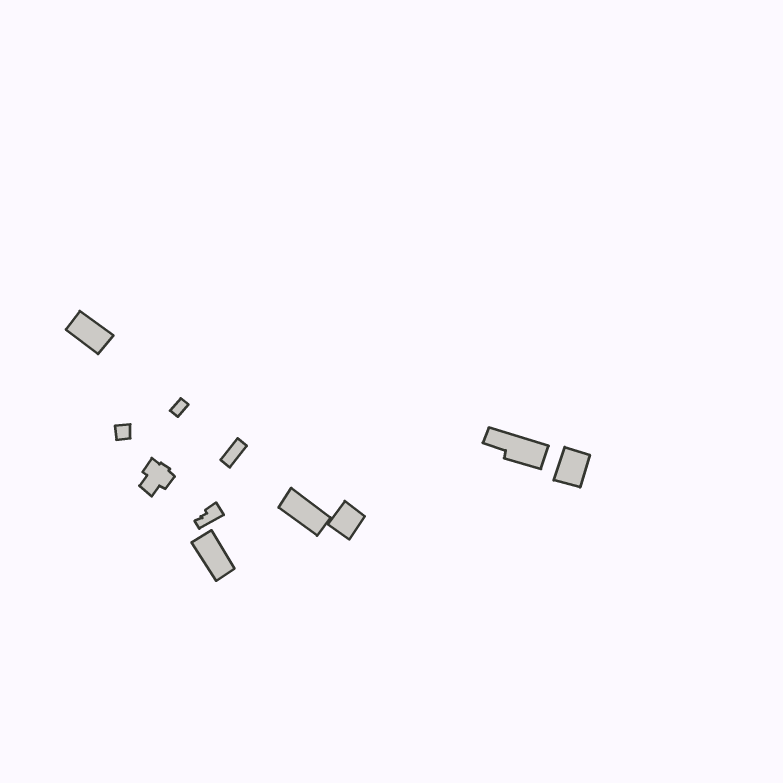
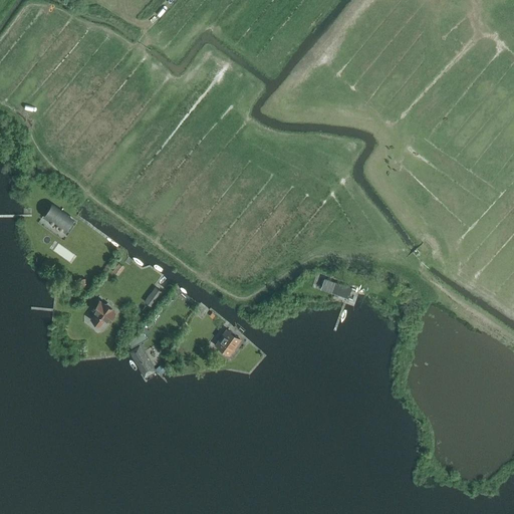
building: [554,447,590,487] -> none
building: [279,488,330,536] -> none

